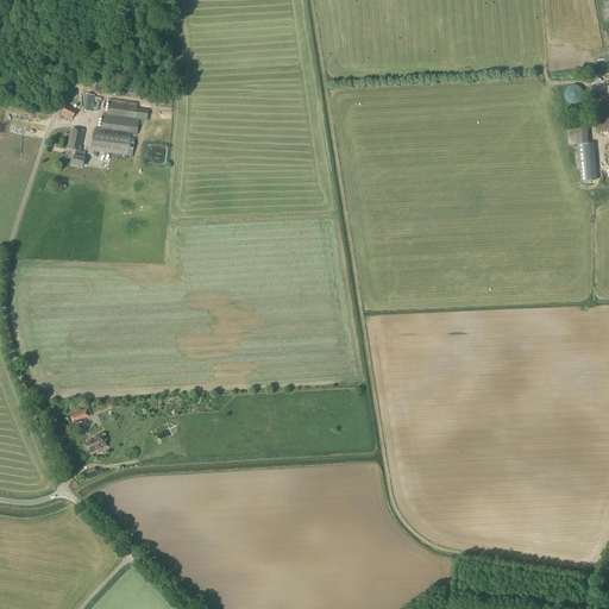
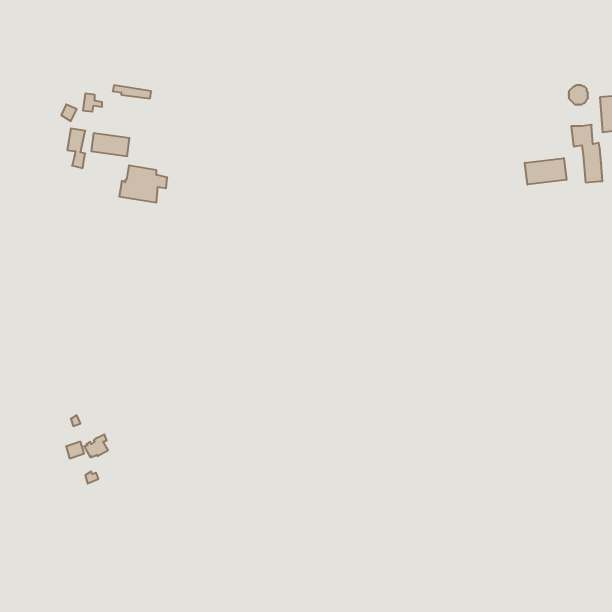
building: [101,98,149,134] -> [119,165,167,203]
building: none -> [525,158,566,185]

